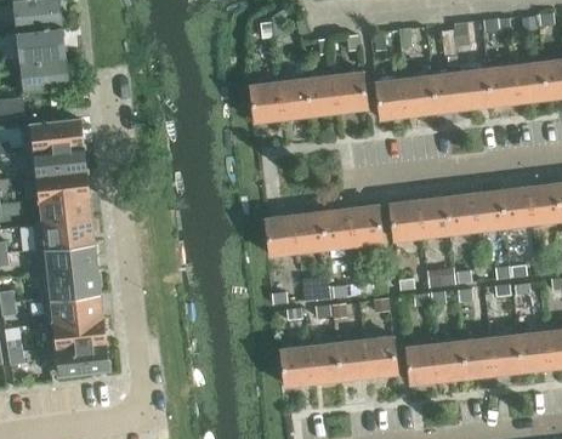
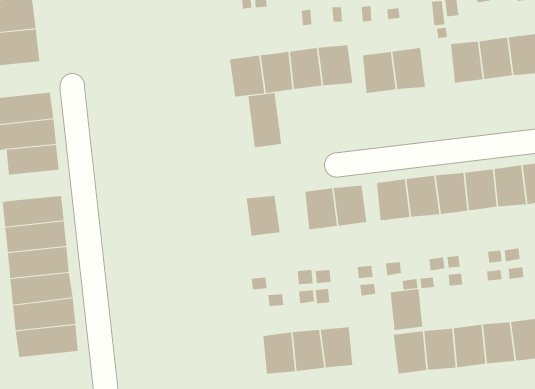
building: [432,70,464,112] -> none
building: none -> [248,92,281,148]
building: [40,190,91,220] -> none
building: [294,211,325,250] -> none
building: [364,336,396,376] -> [390,288,423,331]

